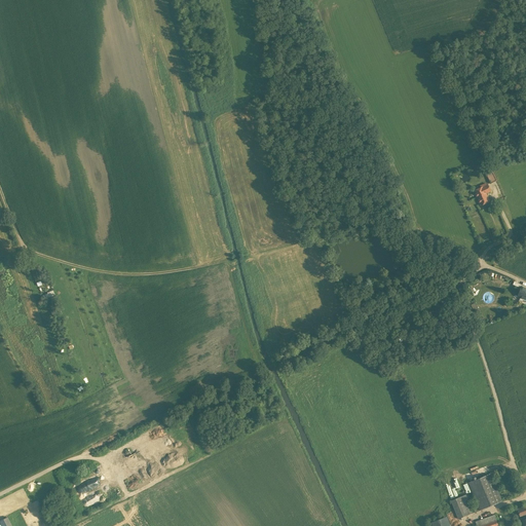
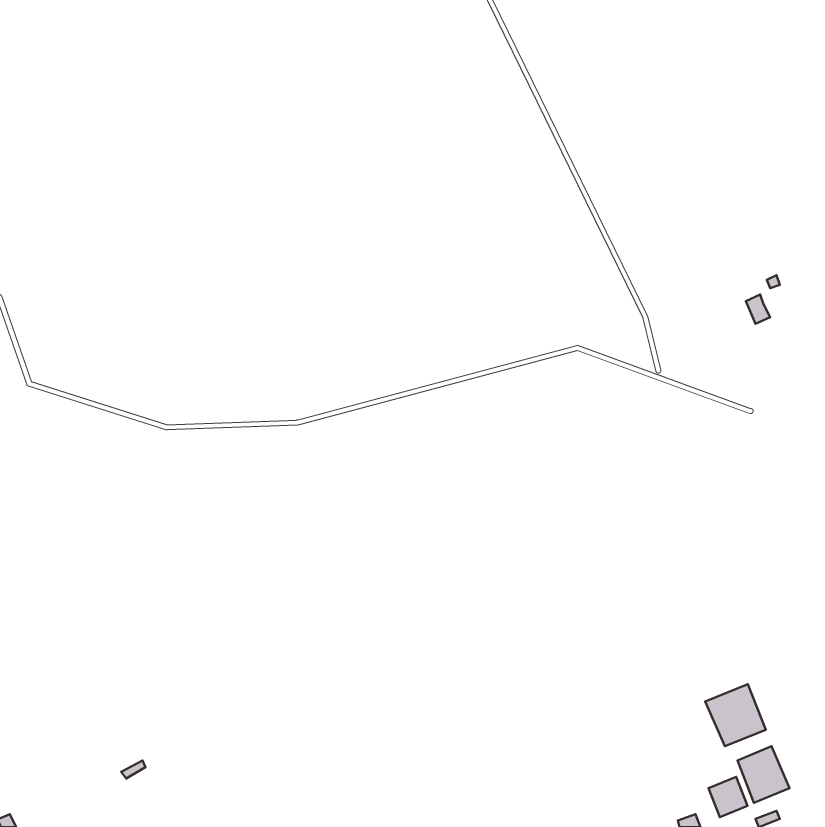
building: none -> [705,684,766,746]

